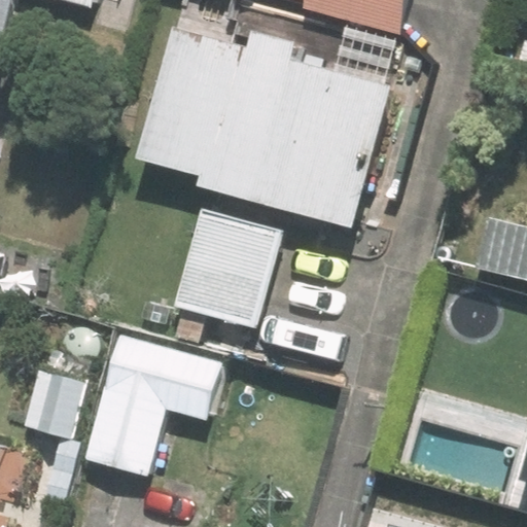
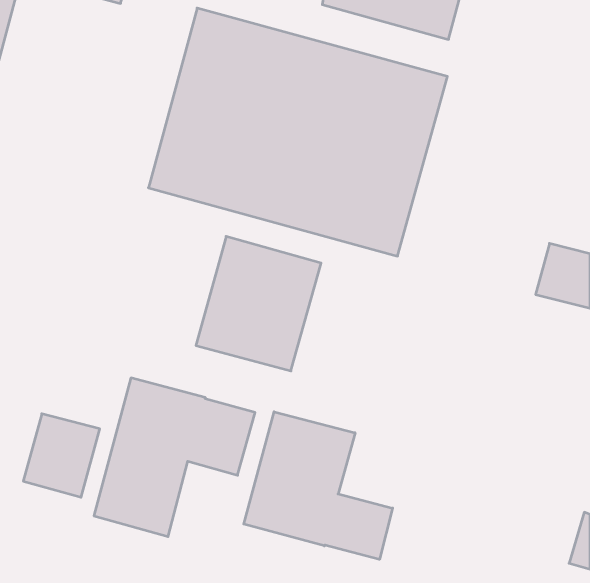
building: none -> [244,412,393,559]

